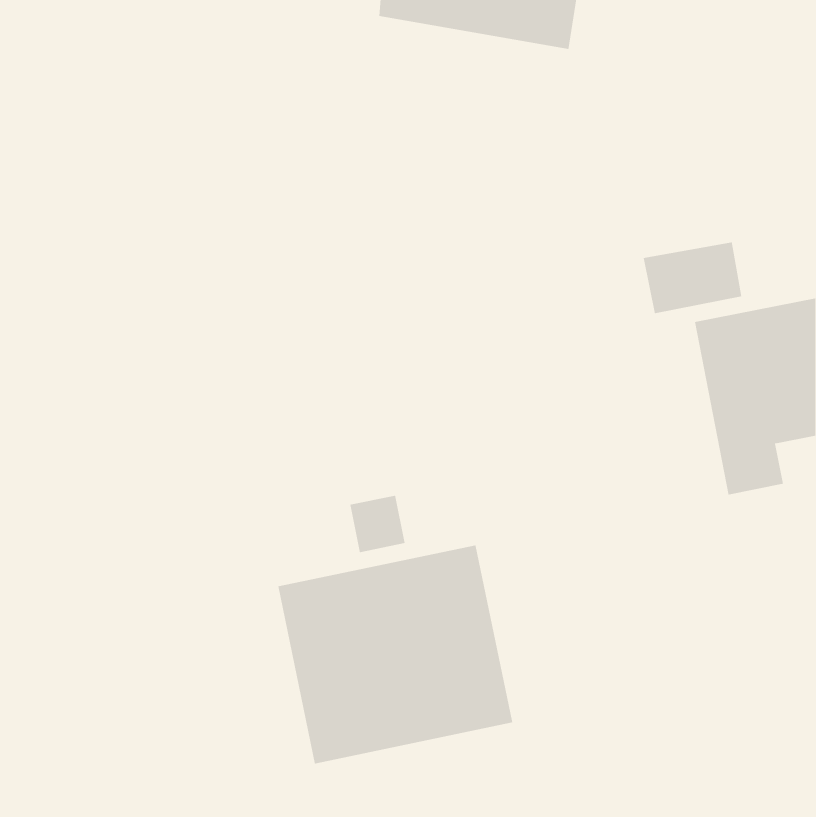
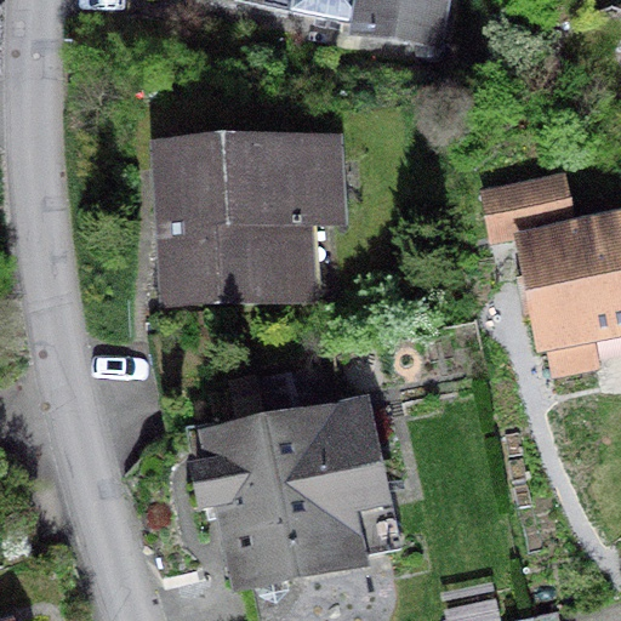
building: none -> [160,144,335,300]

